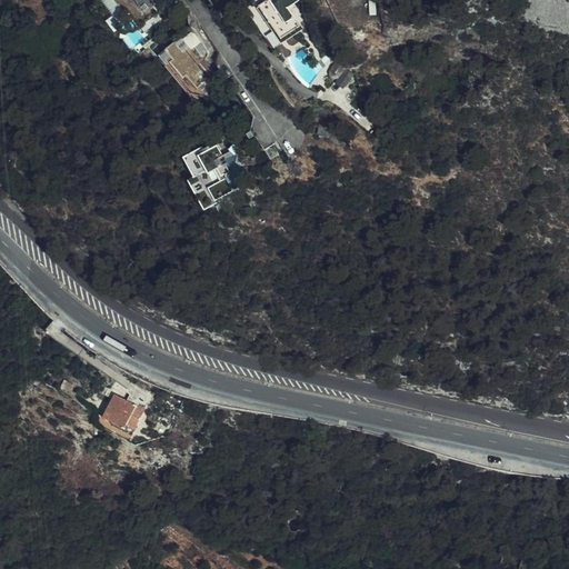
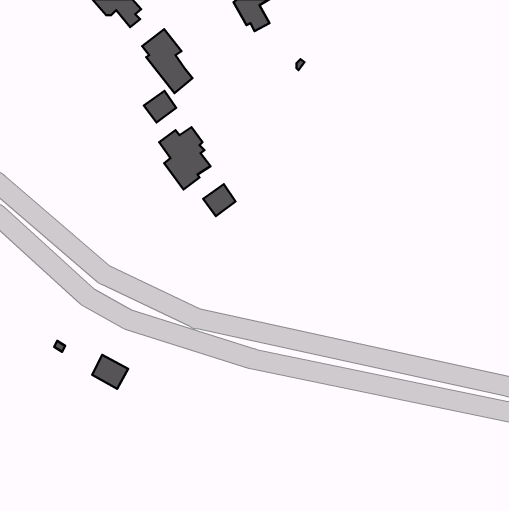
building: none -> [144,91,176,122]
building: none -> [203,184,236,216]

